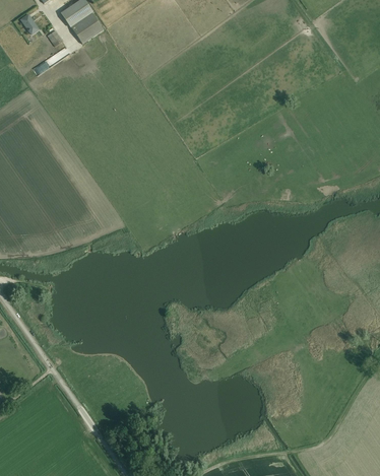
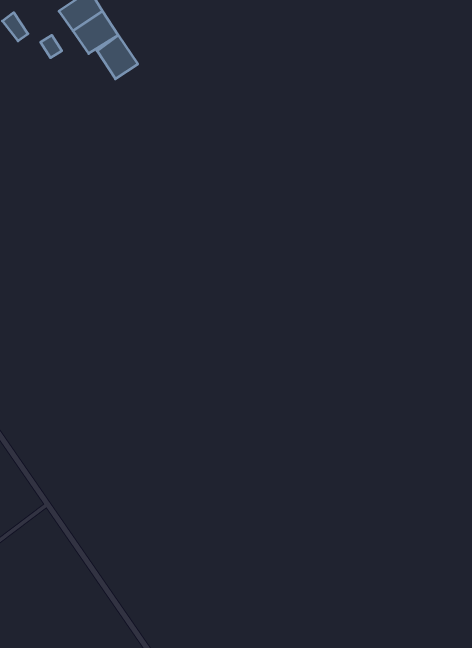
building: none -> [97,35,138,79]

